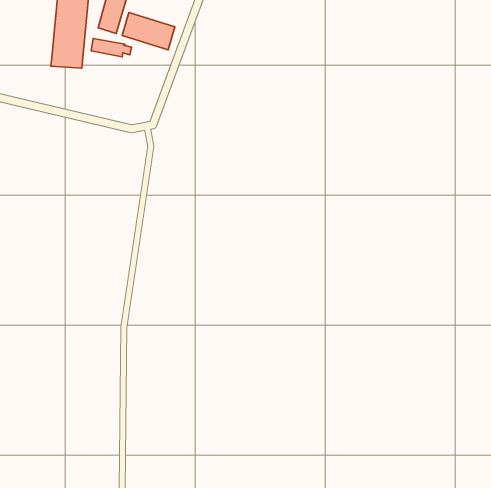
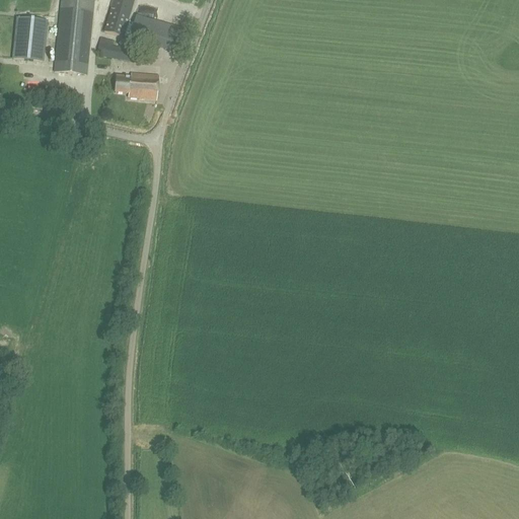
building: none -> [13,16,47,60]
building: none -> [115,71,159,98]

